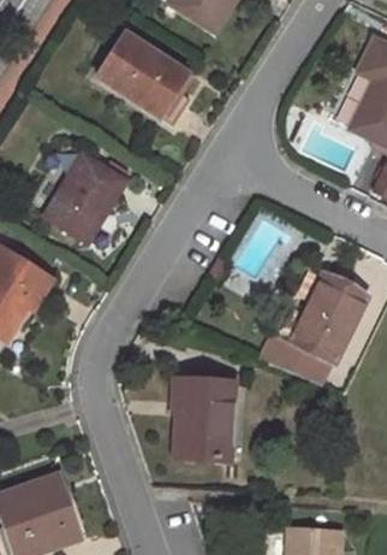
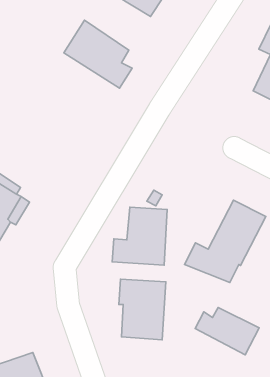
building: [42,153,125,242] -> none
building: none -> [112,207,167,265]
building: none -> [195,308,259,355]

